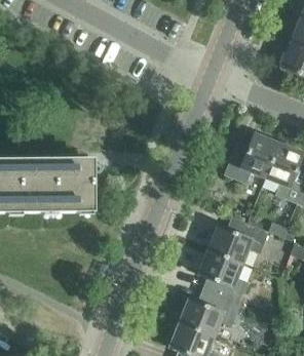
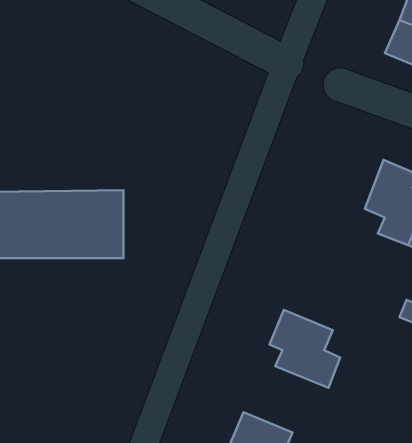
building: [224,133,279,184] -> none
building: [208,216,269,264] -> none
building: [180,289,240,337] -> none

